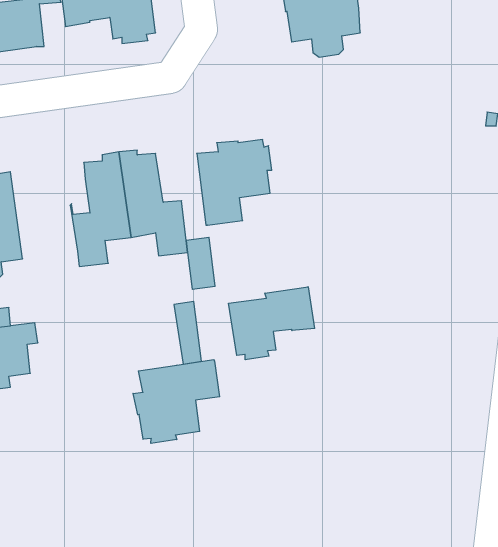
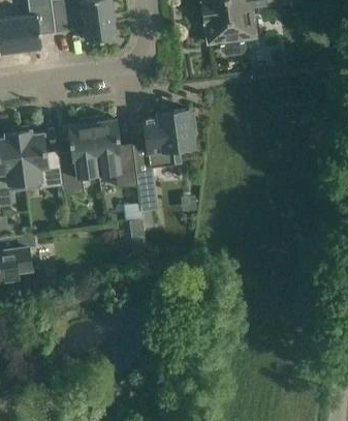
building: none -> [18,130,63,190]
building: [229,287,315,360] -> none
building: [133,360,220,443] -> none

